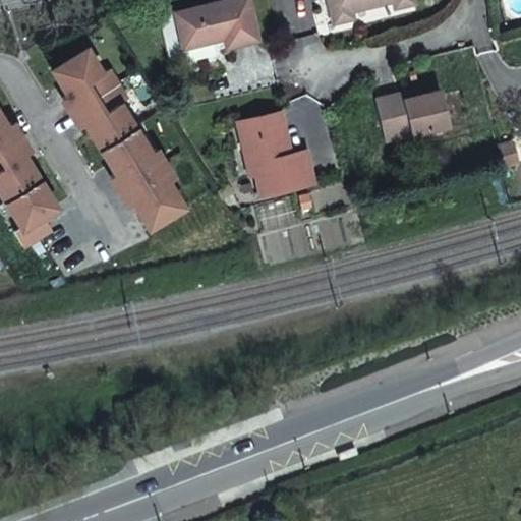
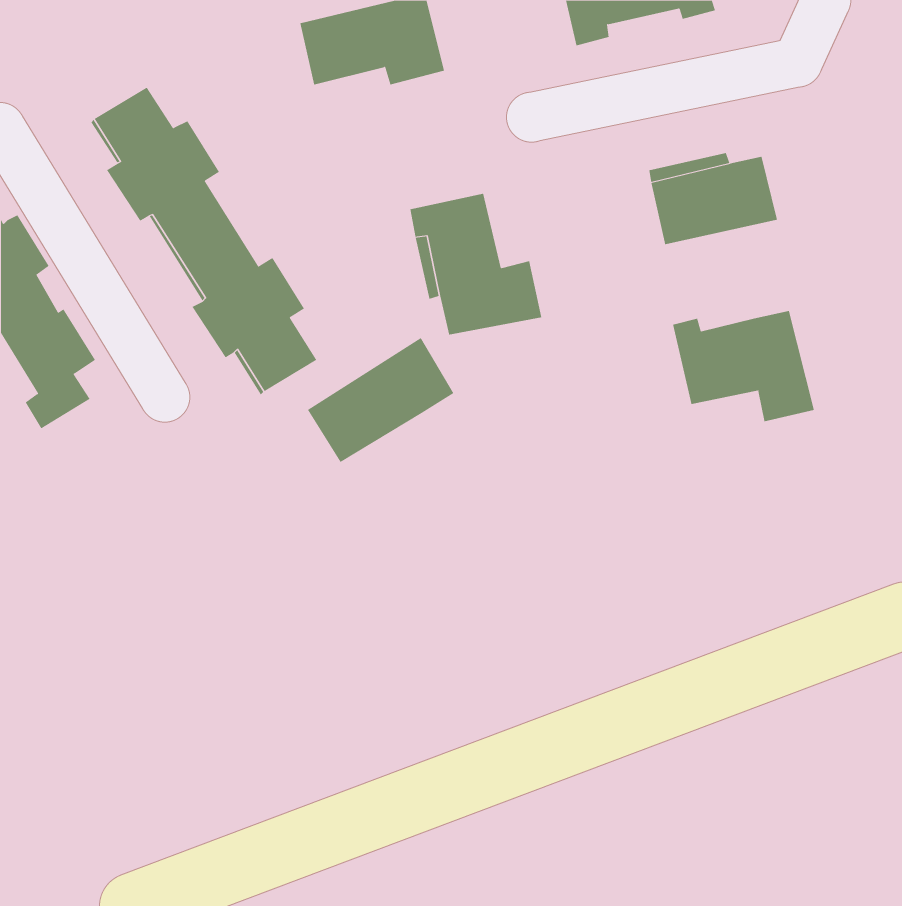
building: none -> [673,310,814,422]
building: none -> [307,337,454,463]

